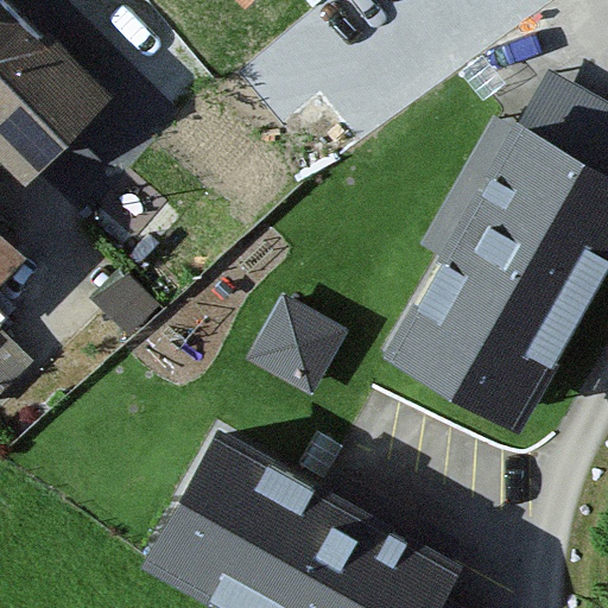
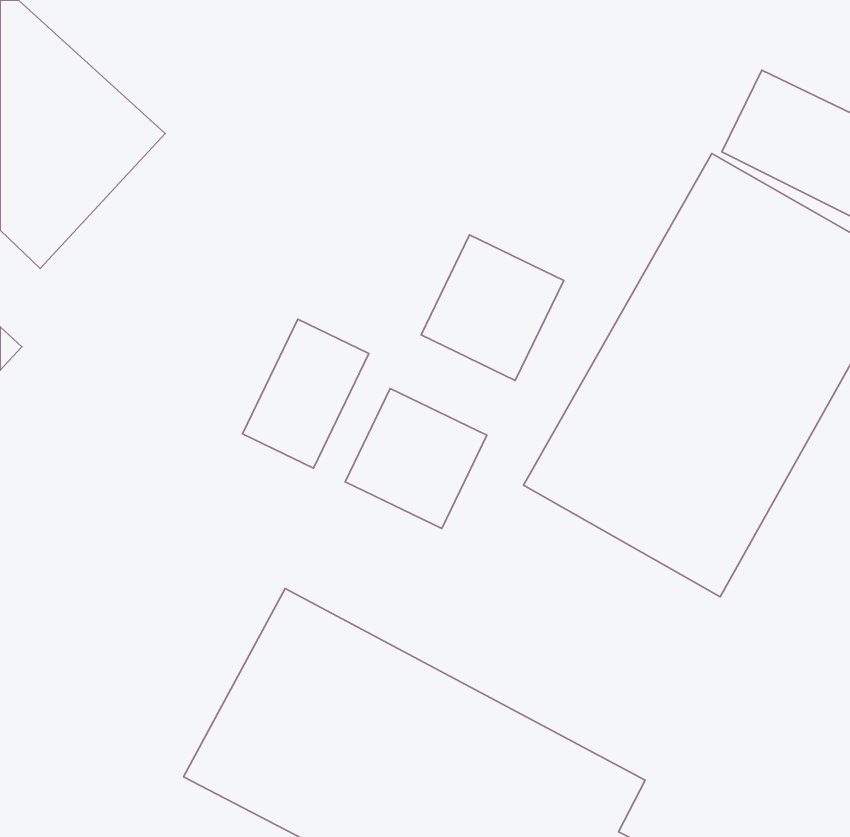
building: none -> [421,235,564,381]
building: none -> [243,319,369,468]

